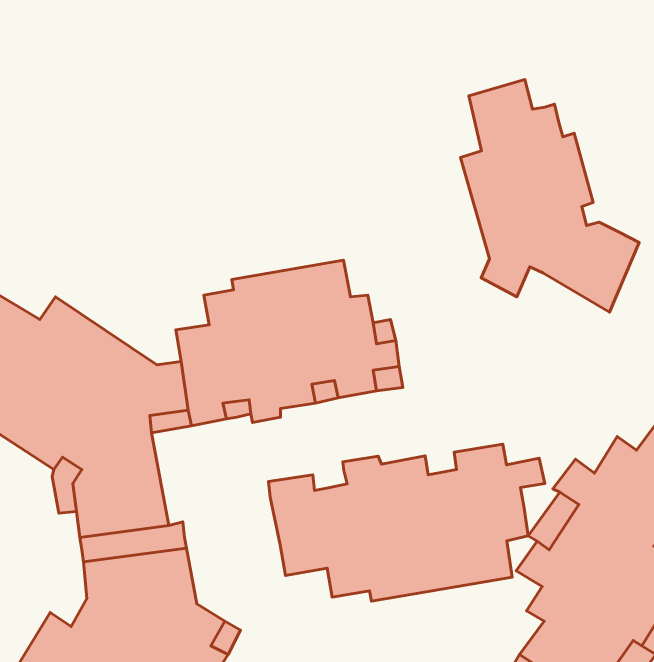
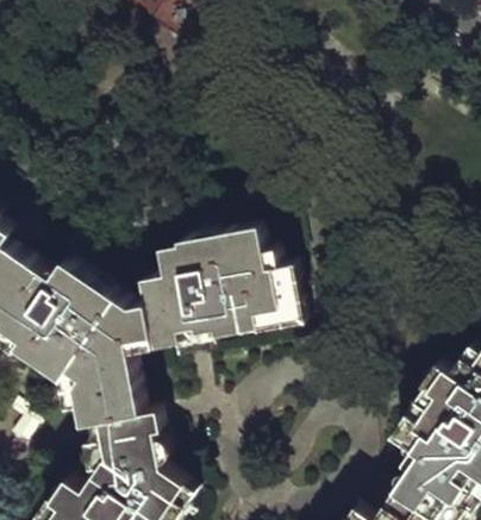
building: [460,80,639,312] -> none
building: [268,444,545,601] -> none

